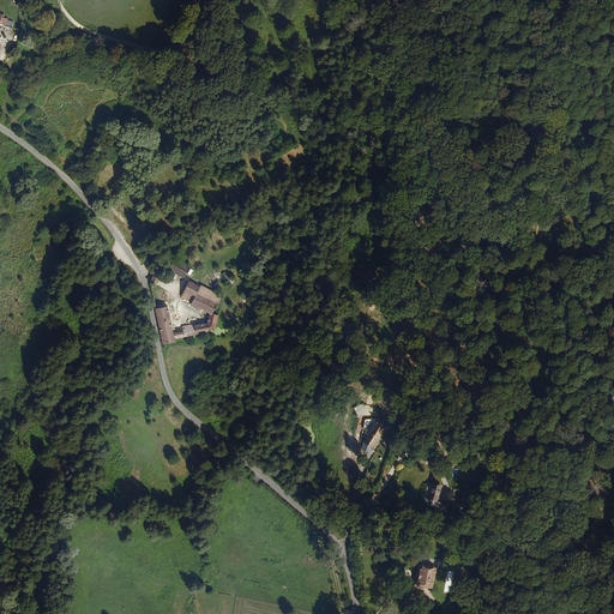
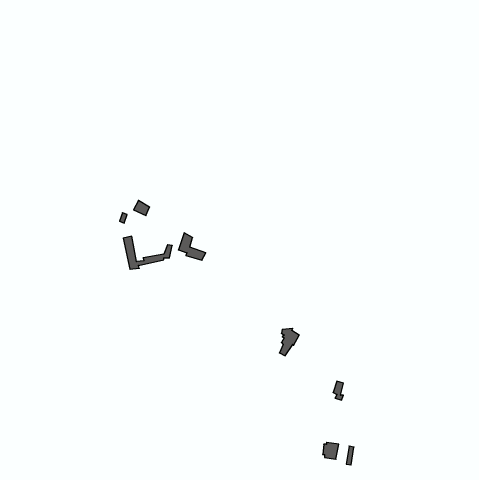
building: [183,277,218,312] -> [178,233,206,260]

